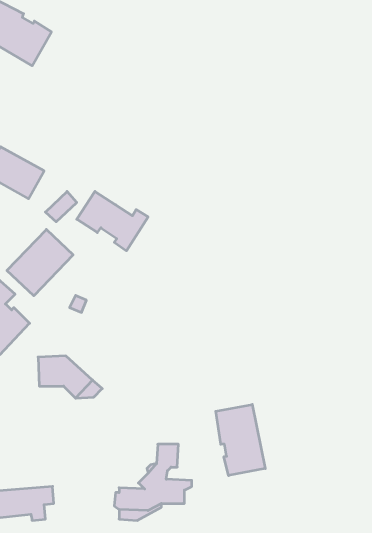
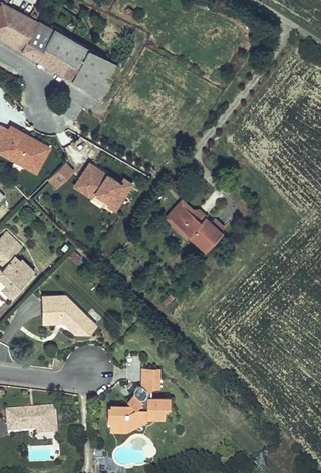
building: none -> [37,30,119,96]
building: [7,229,73,296] -> none
building: none -> [162,199,223,254]
building: [216,404,265,476] -> none

